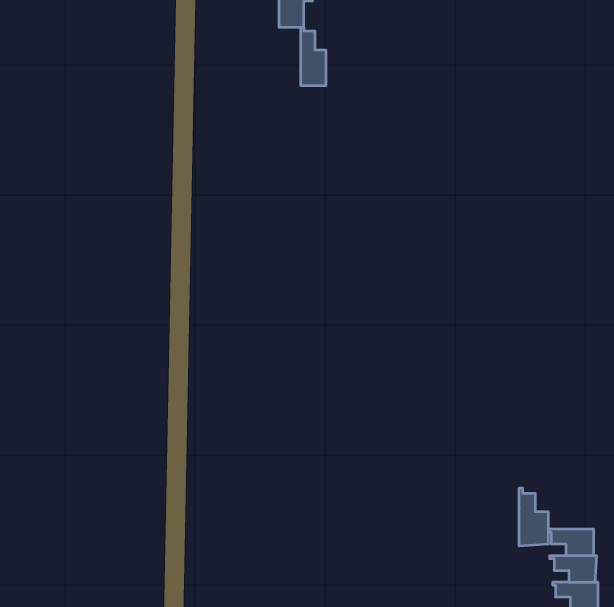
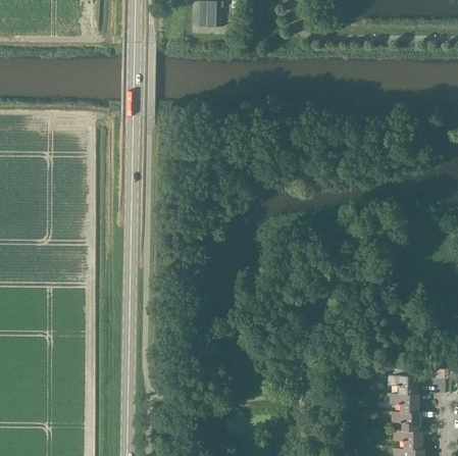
building: [301,27,326,86] -> none
building: [519,488,548,546] -> none

